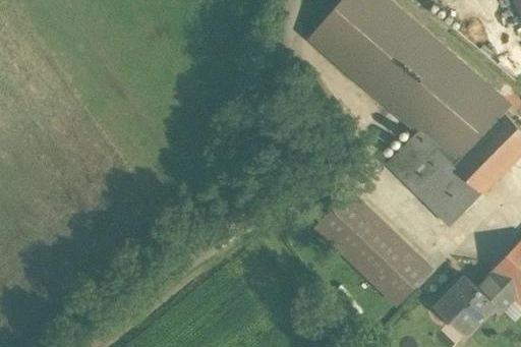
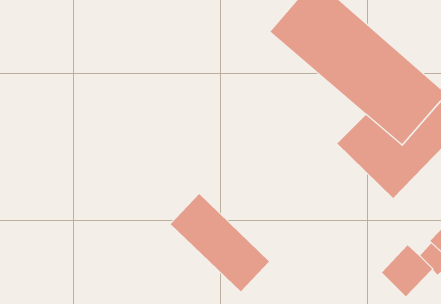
building: [319,193,430,304] -> [170,193,270,292]

